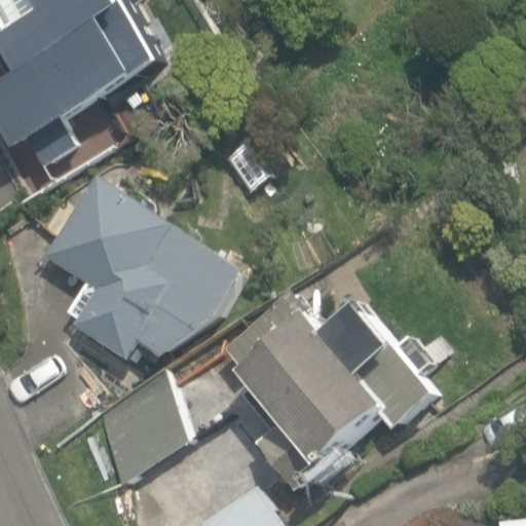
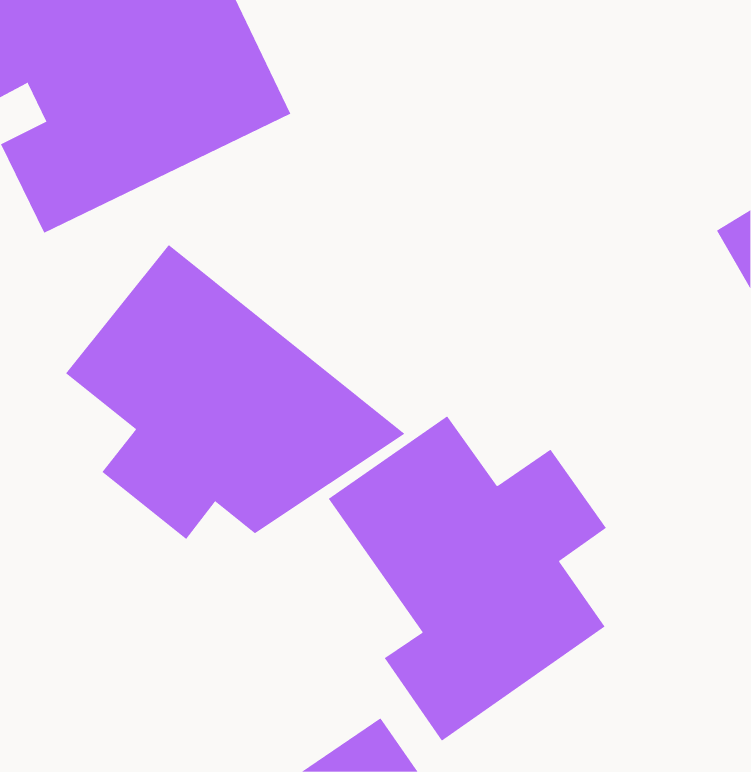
building: [81,384,190,484] -> none

